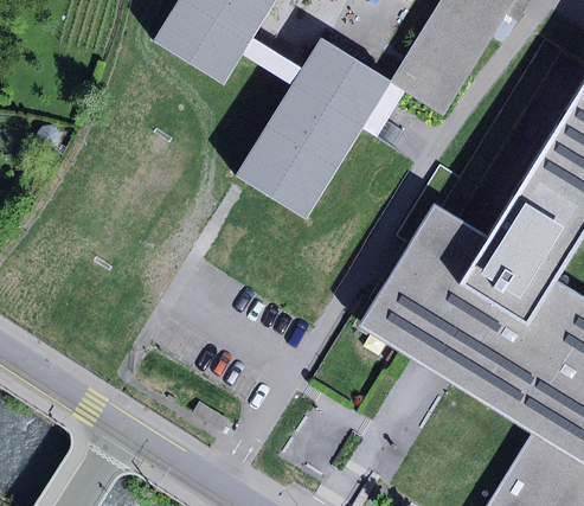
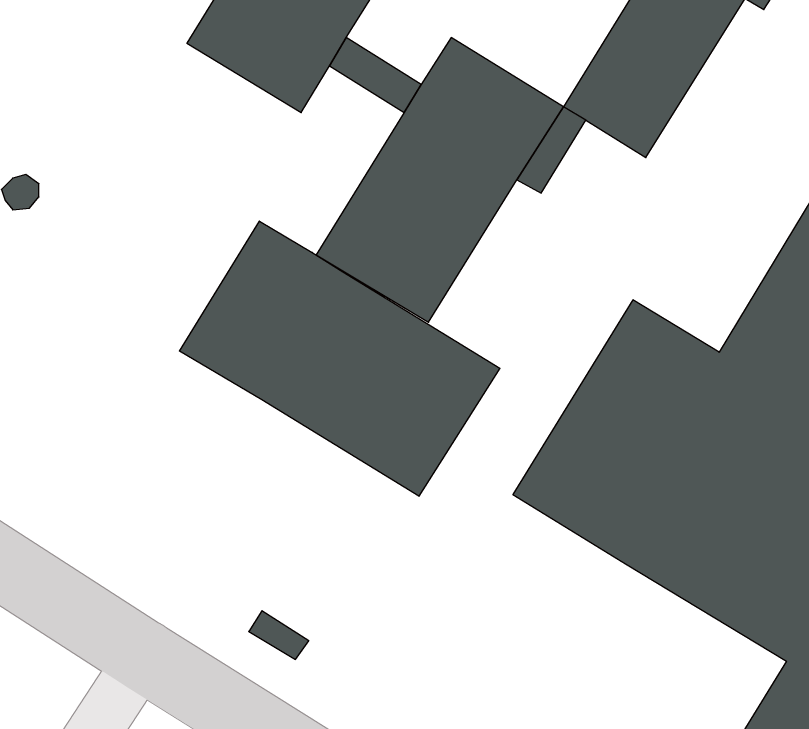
building: none -> [179,221,500,496]

